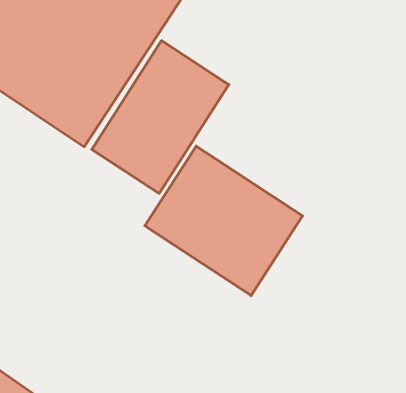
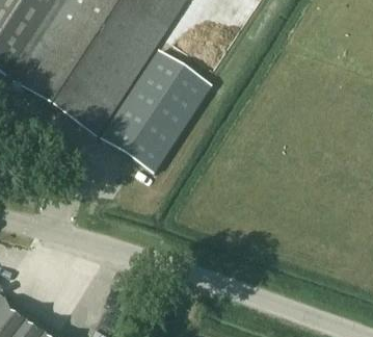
building: [145,146,303,296] -> none

